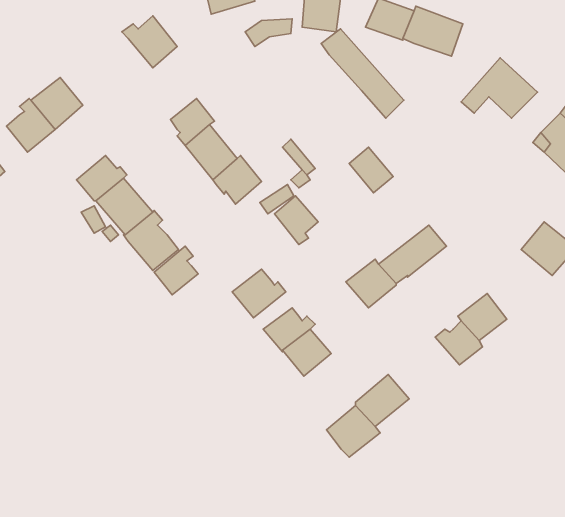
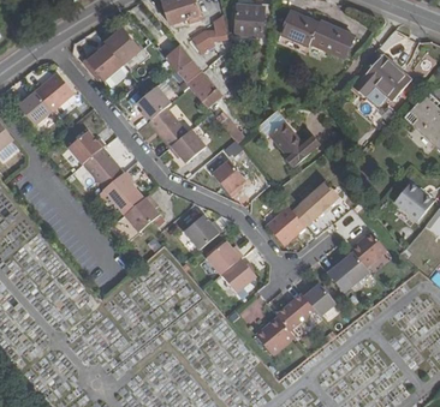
building: [321,29,404,118] -> [159,42,220,108]
building: none -> [84,43,124,80]
building: none -> [298,283,333,315]

